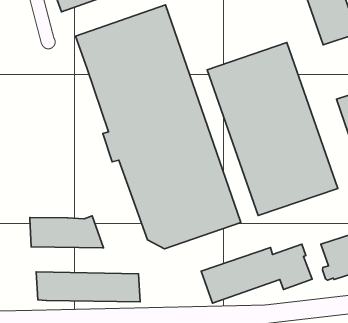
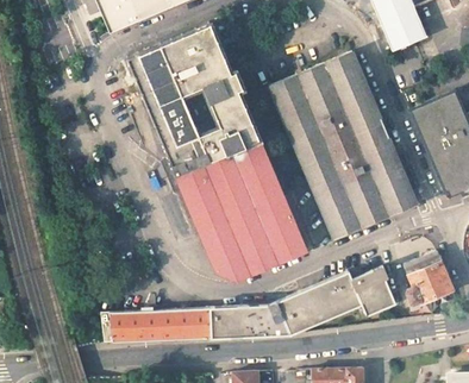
building: [30,216,104,248] -> [210,301,290,338]

